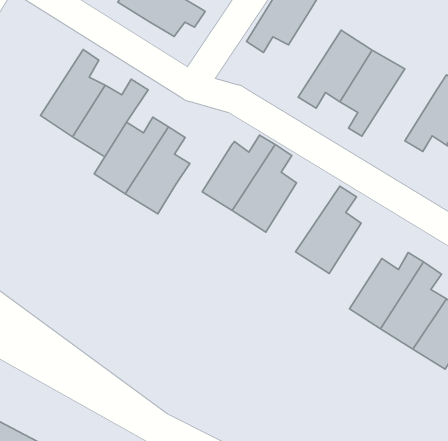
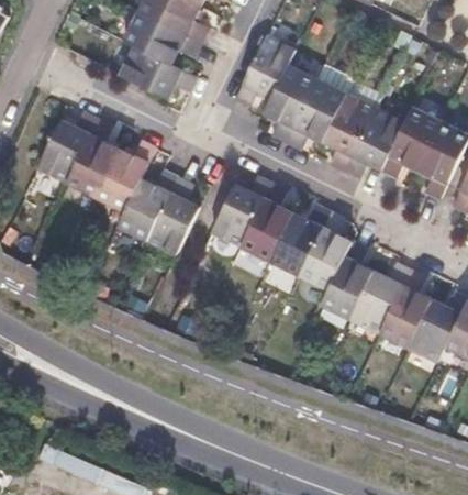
building: none -> [264,65,315,141]
building: none -> [35,113,96,180]
building: none -> [343,107,403,176]
building: none -> [269,206,328,274]
building: none -> [320,243,371,318]

